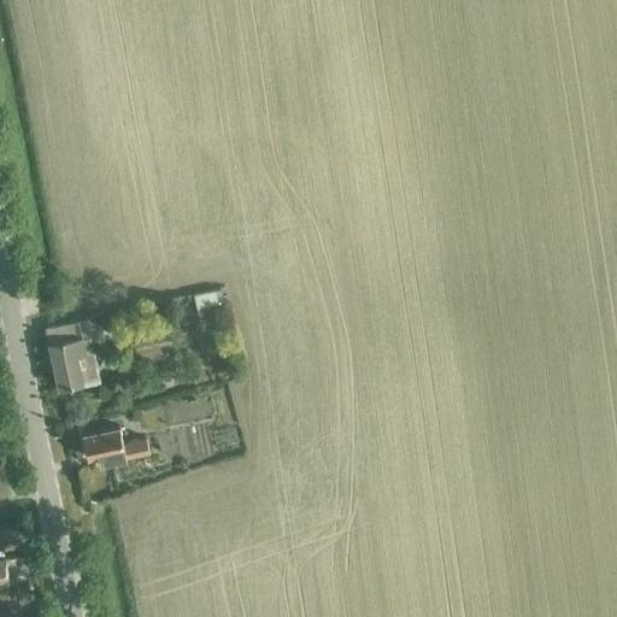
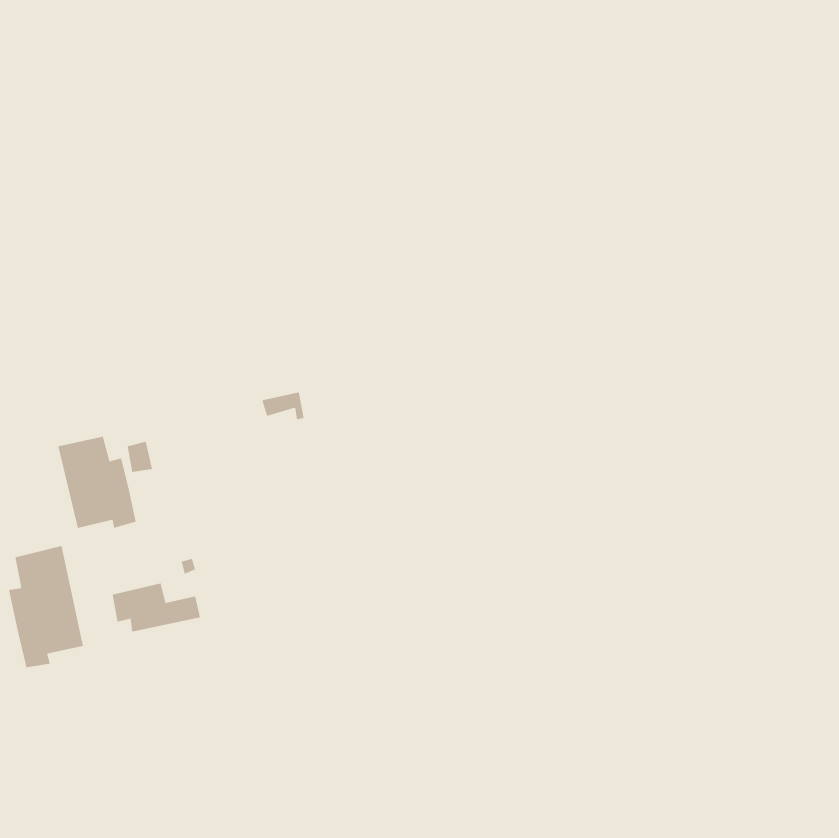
building: none -> [9,545,83,668]

